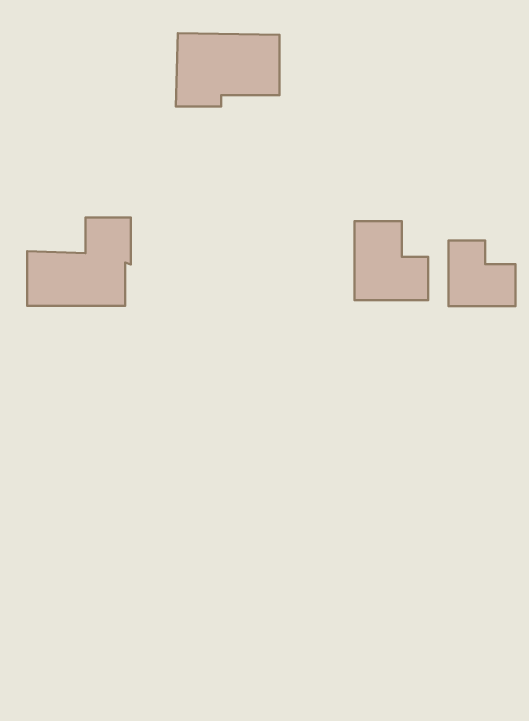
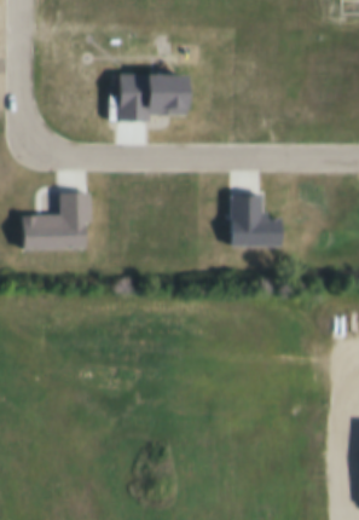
building: [448,241,516,306] -> none

